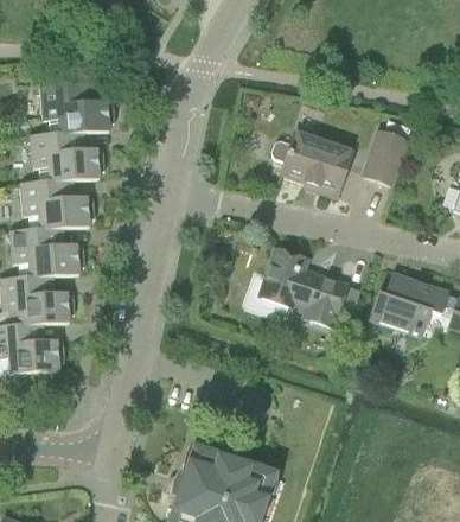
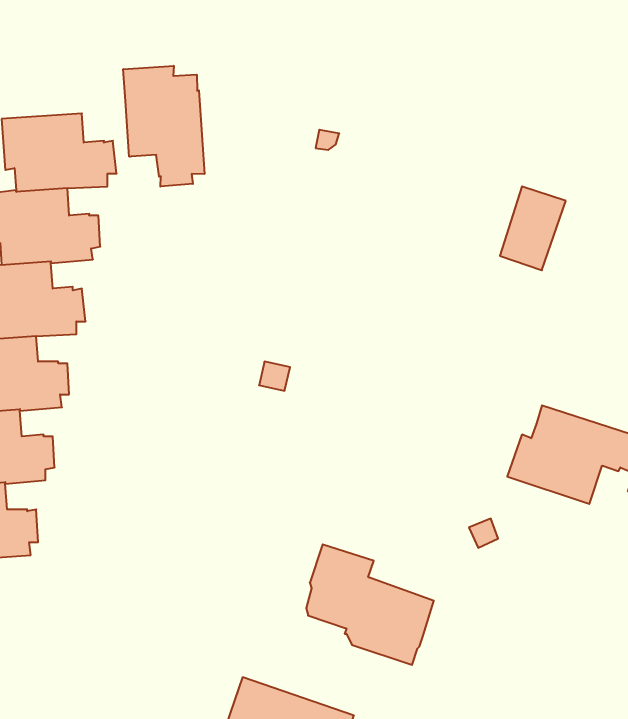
building: none -> [123,66,204,187]
building: [271,133,351,192] -> none
building: [264,248,347,326] -> [306,544,434,665]

